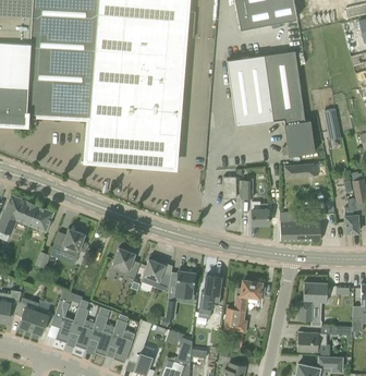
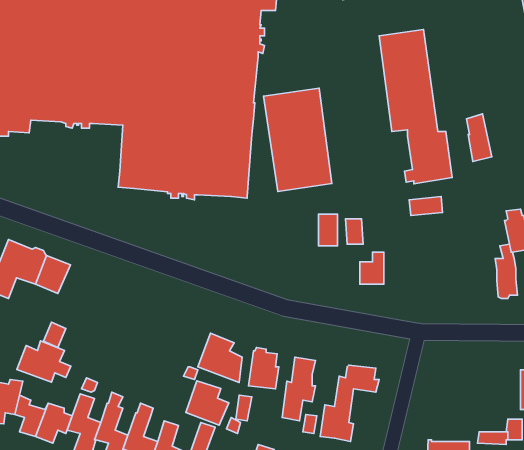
building: [227,54,273,125] -> [263,88,332,191]
building: [280,219,321,241] -> none
building: [52,228,89,256] -> [17,341,71,382]
building: [111,247,141,278] -> [186,381,229,425]
building: [298,282,328,320] -> none

